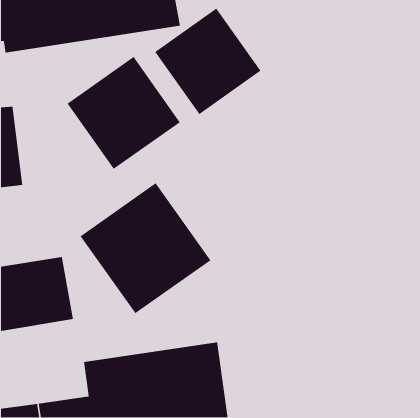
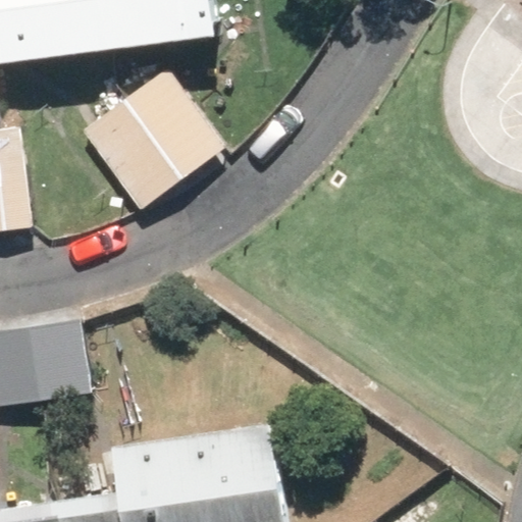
building: [154,8,262,115] -> none
building: [79,182,211,314] -> none

